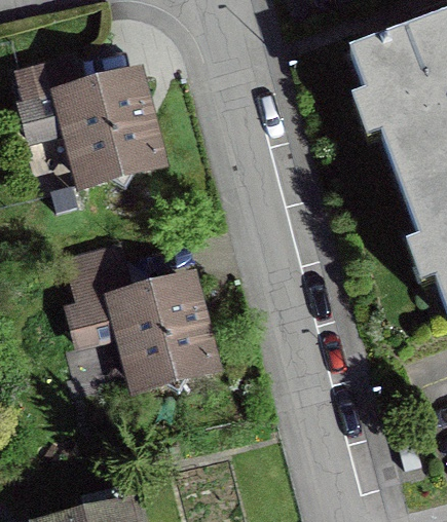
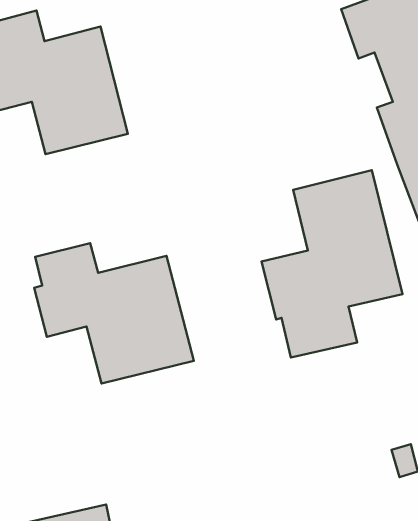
building: none -> [262,170,402,358]

